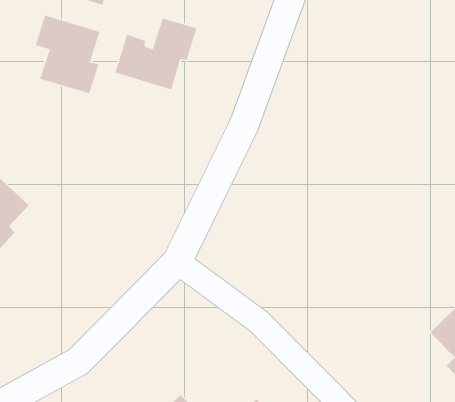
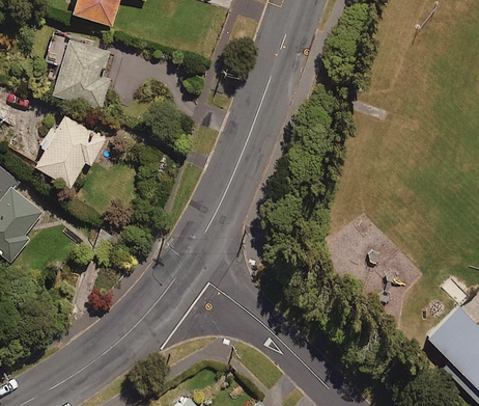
building: [114,17,198,90] -> none
building: none -> [34,113,105,186]

